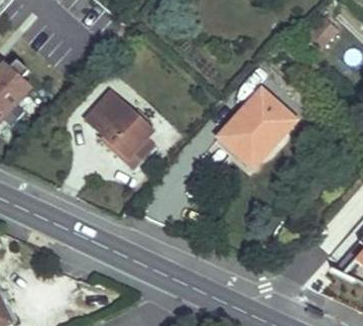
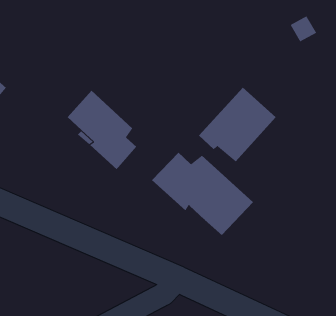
building: none -> [151,152,254,236]

